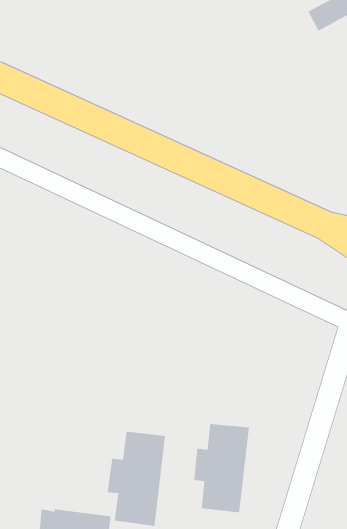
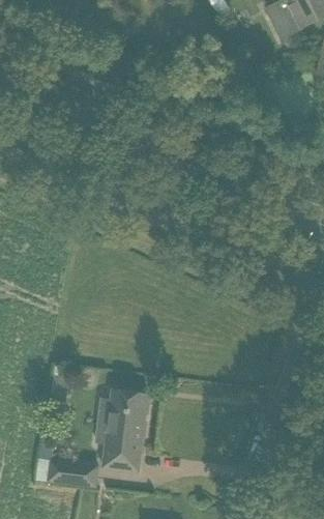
building: [194,423,250,513] -> none

